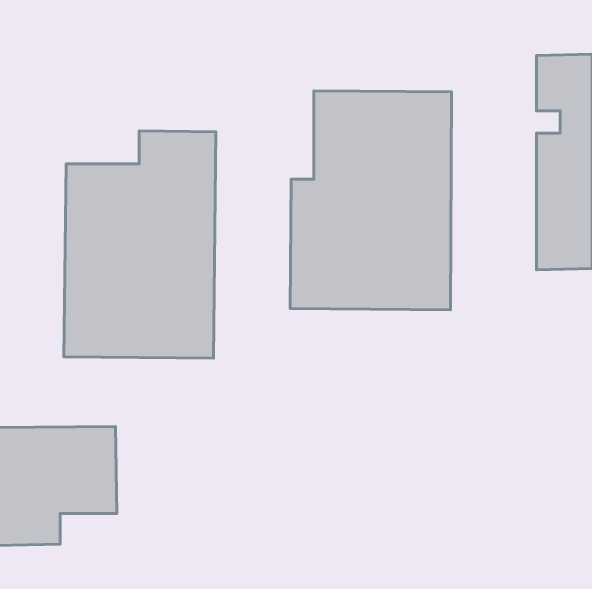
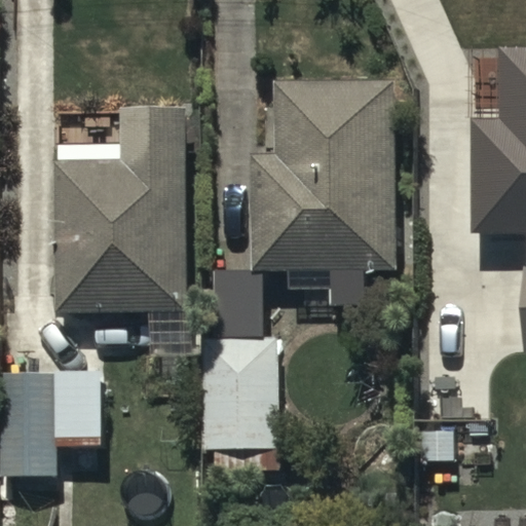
building: none -> [202,336,279,471]

